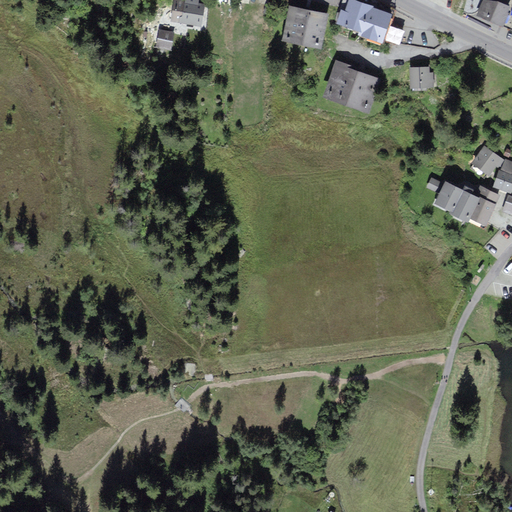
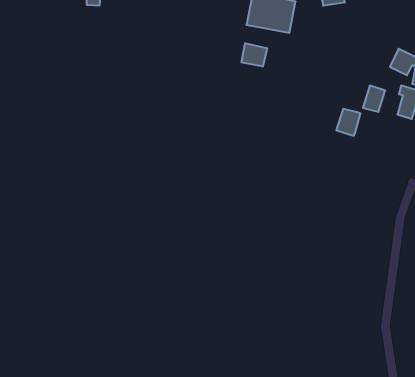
building: none -> [241,43,267,67]
building: [452,190,481,221] -> [336,109,361,136]

